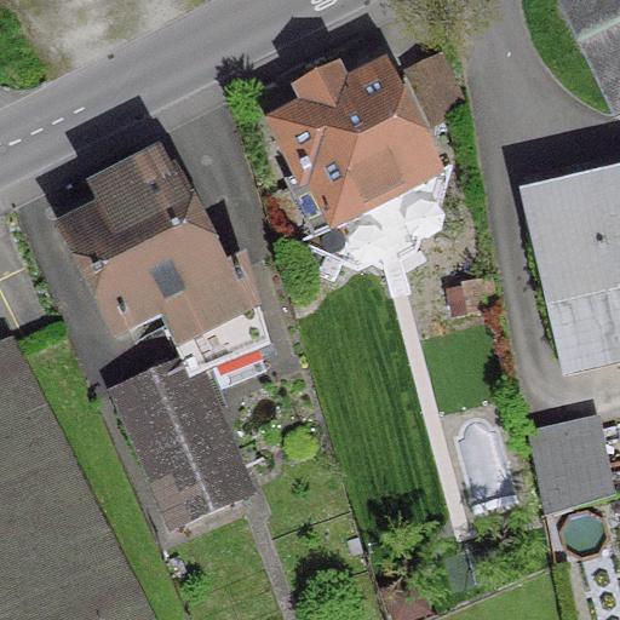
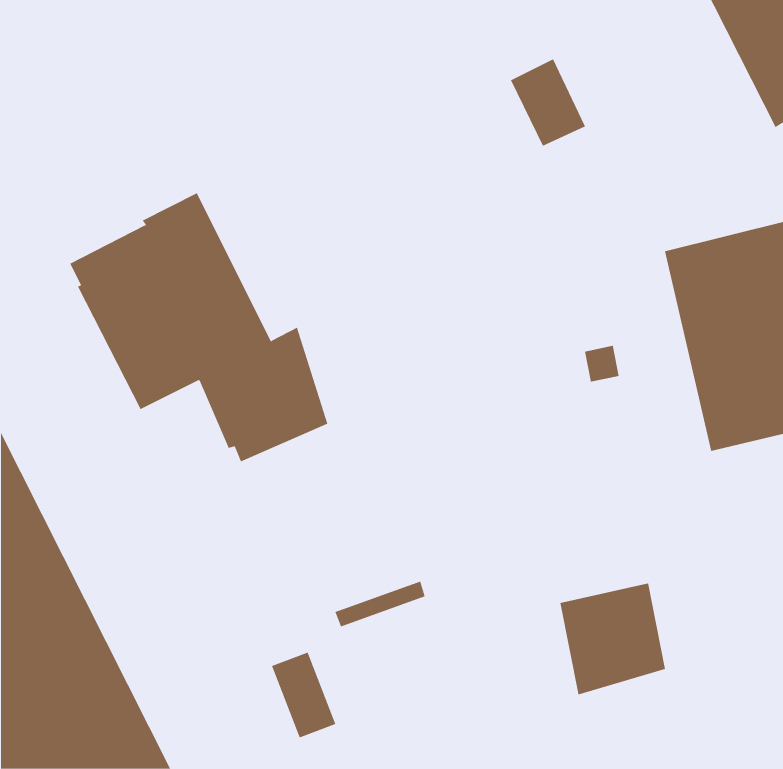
building: [275,67,429,223] -> none
building: [114,351,245,516] -> none
building: [528,418,612,506] -> [559,583,666,695]

